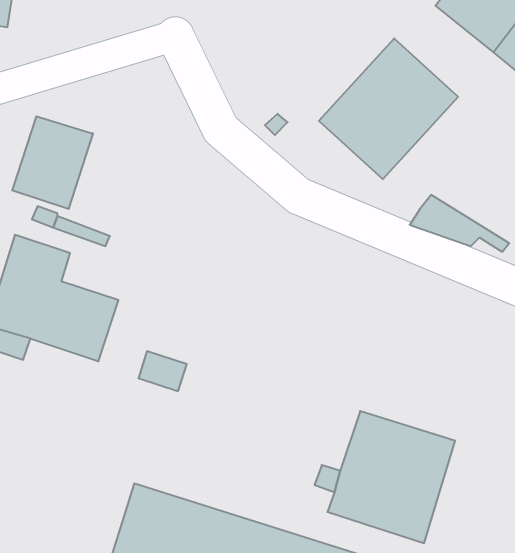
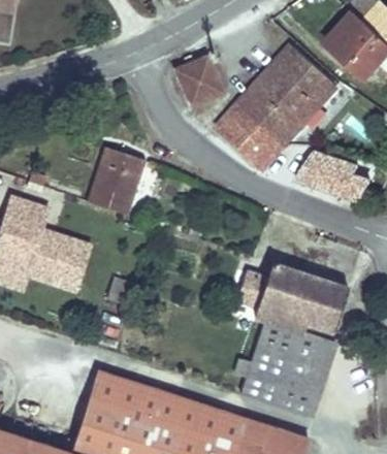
building: none -> [174,64,219,107]
building: [12,116,93,209] -> [85,143,143,210]
building: none -> [215,111,281,175]
building: none -> [256,267,350,344]

